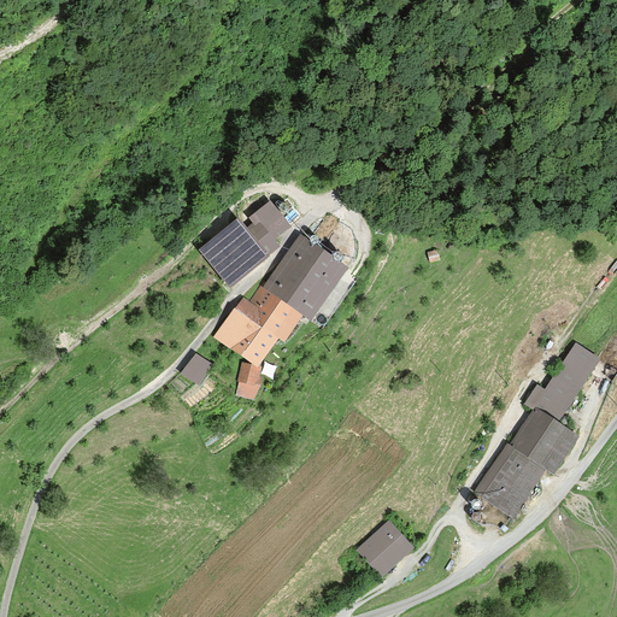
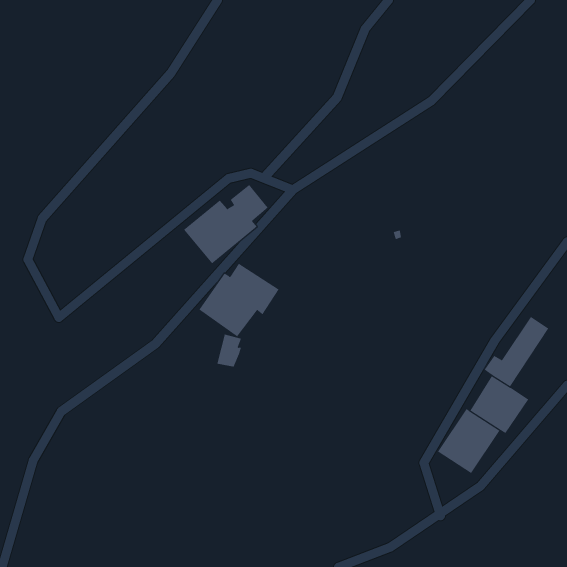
building: [263,235,347,321] -> none
building: [182,353,213,386] -> none
building: [355,522,411,576] -> none

